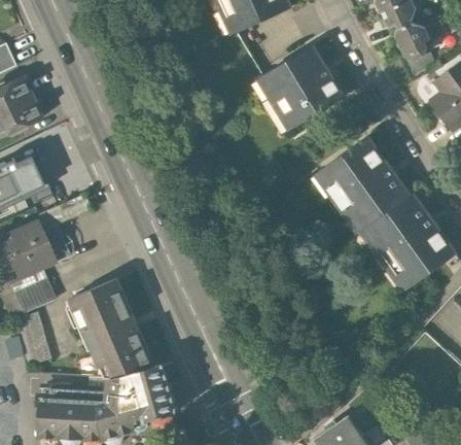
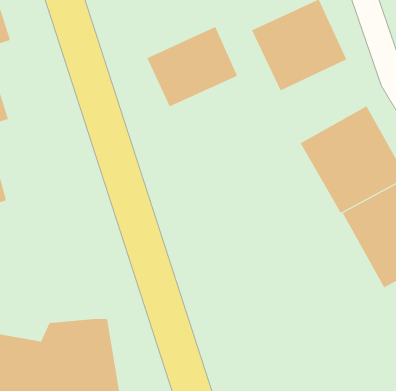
building: none -> [146,26,238,107]
building: [66,278,149,366] -> none

